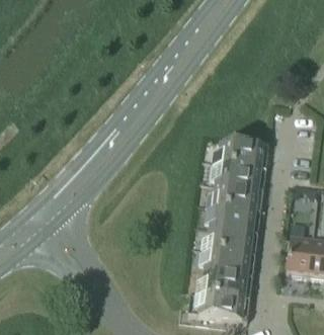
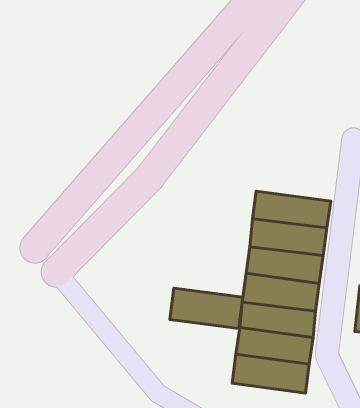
building: [207,138,268,167] -> none
building: none -> [170,288,243,329]

